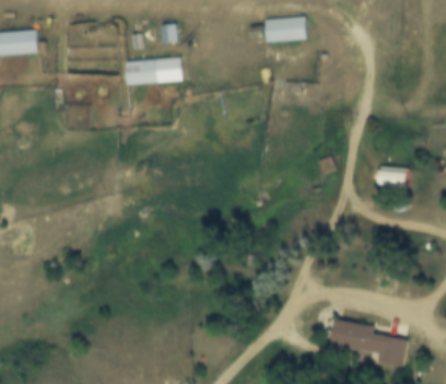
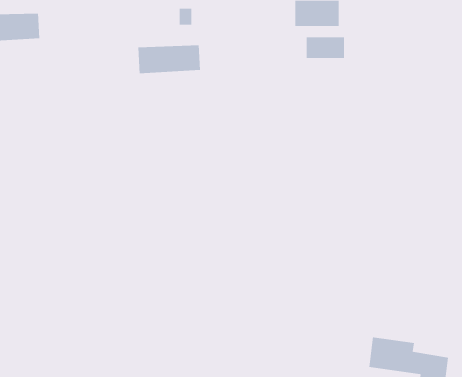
building: none -> [306,37,345,59]
building: [383,171,411,191] -> none

